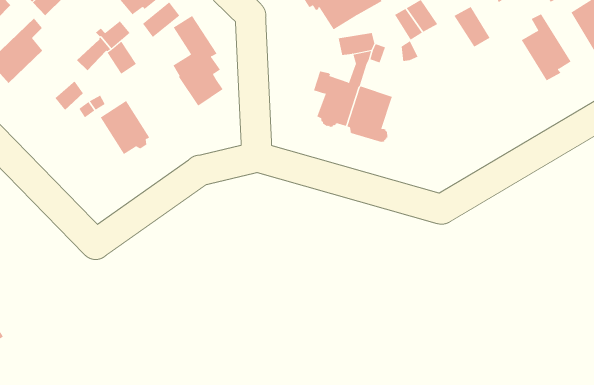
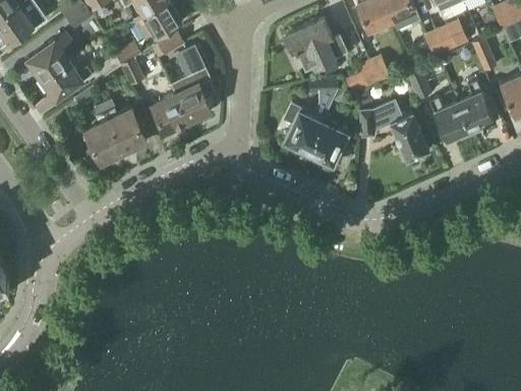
building: none -> [429,97,473,143]
building: none -> [39,59,94,100]
building: none -> [359,101,429,161]
building: none -> [153,94,189,132]
building: none -> [84,119,124,163]

